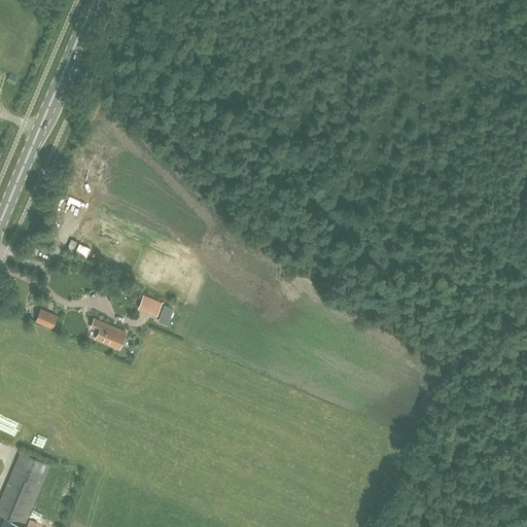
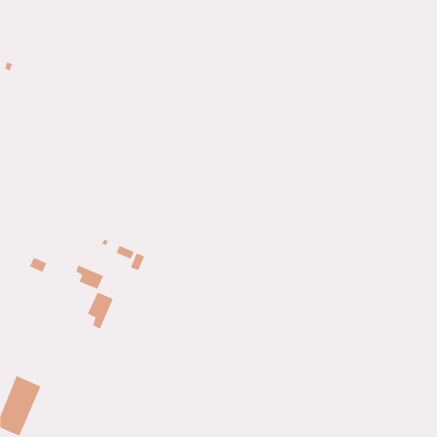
building: none -> [87,292,114,329]

